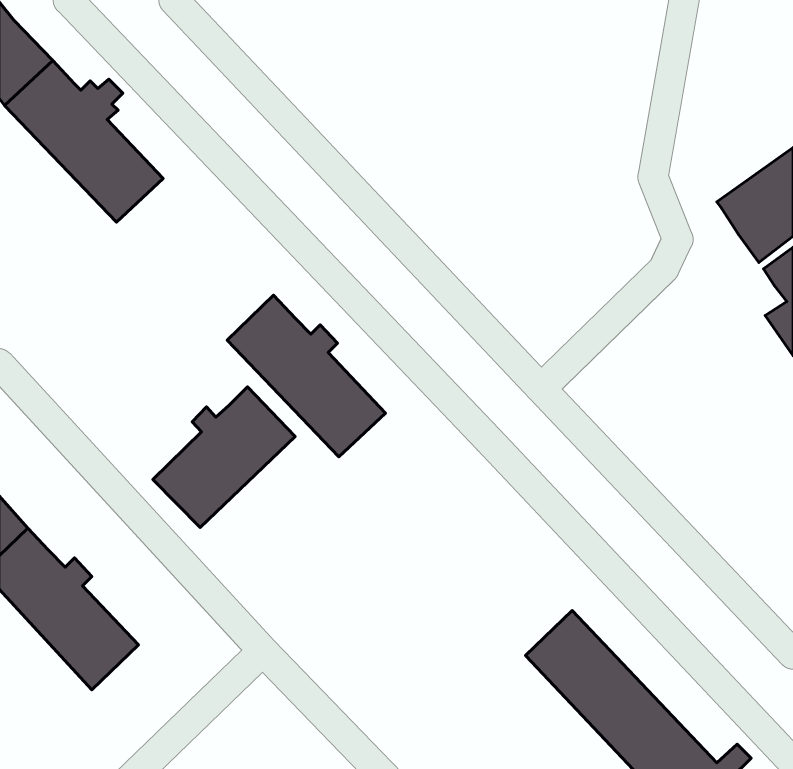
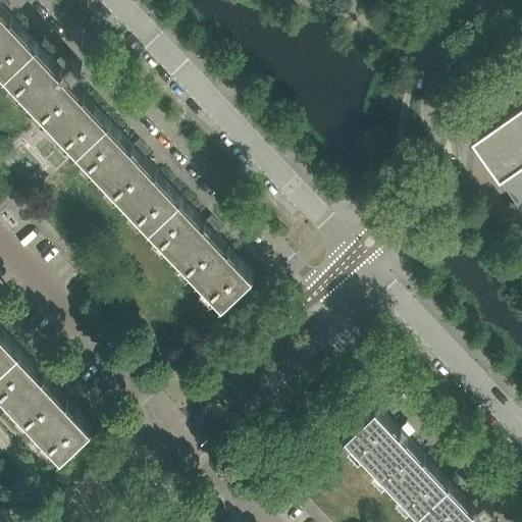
building: none -> [76,134,179,240]
building: [153,387,295,528] -> none

